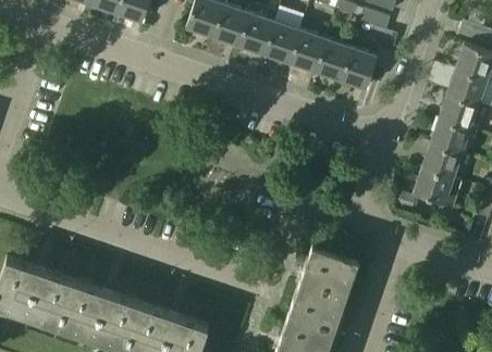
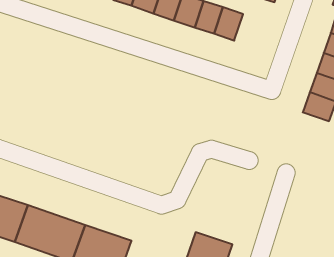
building: [336,46,378,89] -> none
building: [413,167,454,204] -> none
building: [288,243,359,331] -> none

